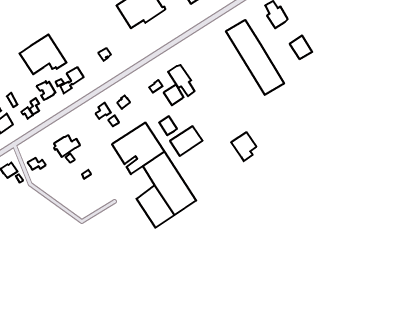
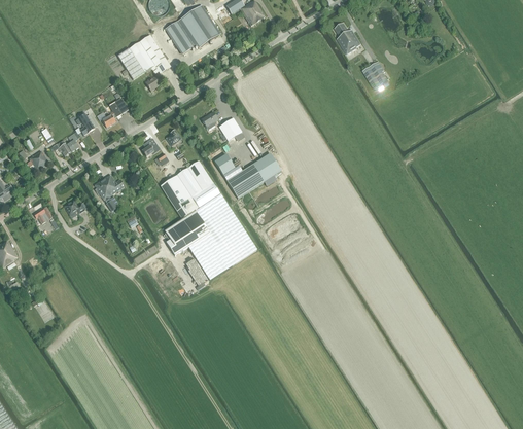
building: [226,20,284,95] -> none
building: [19,34,67,74] -> [116,34,170,79]
building: [168,65,195,96] -> none
building: [231,132,256,161] -> [251,153,280,186]
building: none -> [164,210,208,255]

